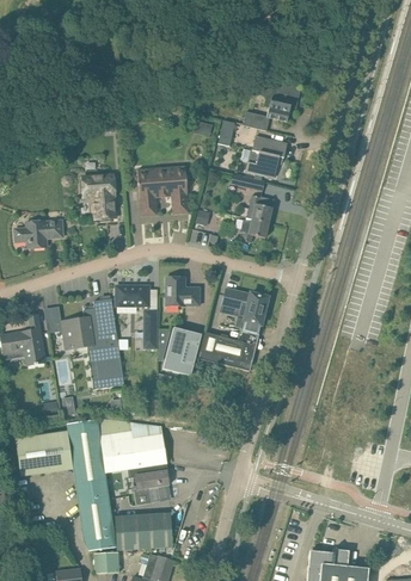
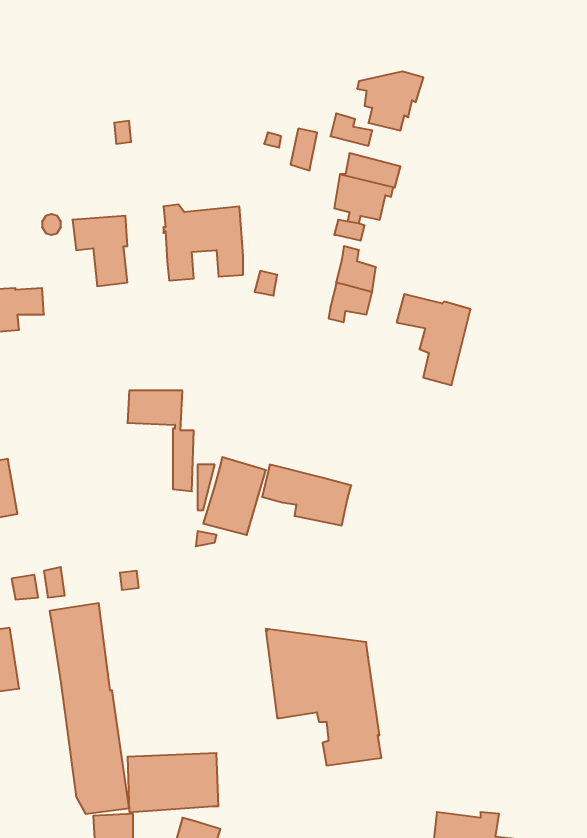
building: [165,277,200,305] -> none
building: [221,288,268,345] -> [397,294,471,385]
building: [53,298,124,389] -> none
building: [97,418,170,503] -> [266,629,381,765]
building: [41,431,73,472] -> none

